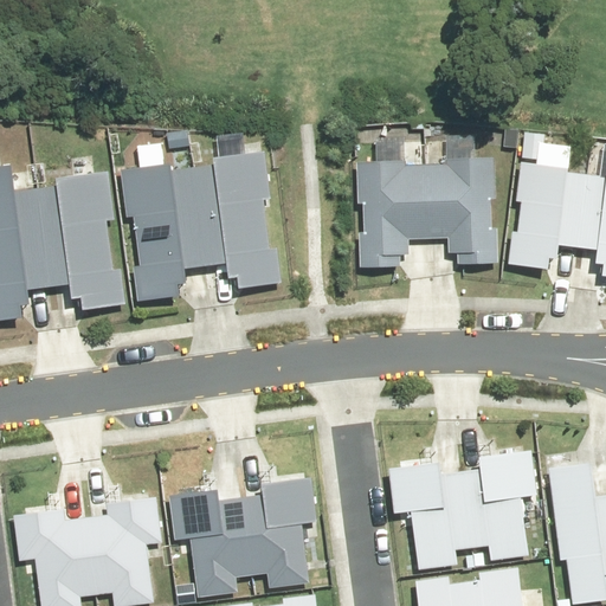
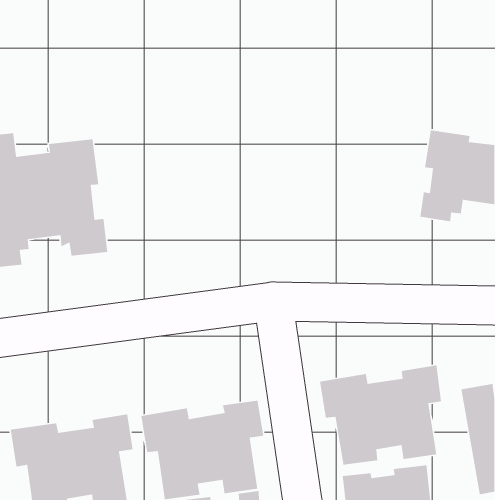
building: [121,150,285,301] -> none
building: [353,157,502,269] -> none

